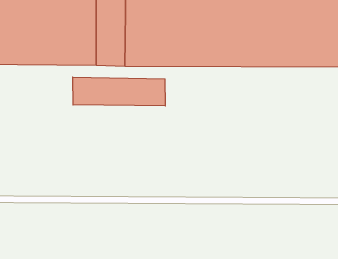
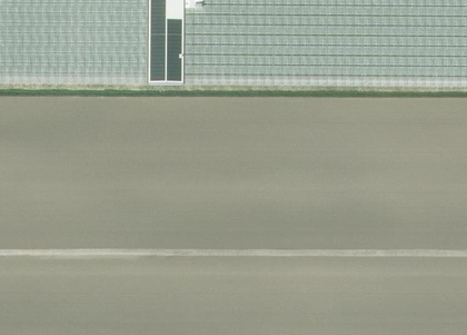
building: [73,77,165,106] -> none

